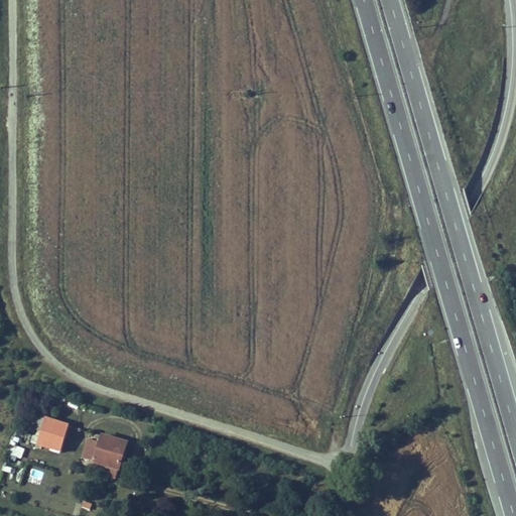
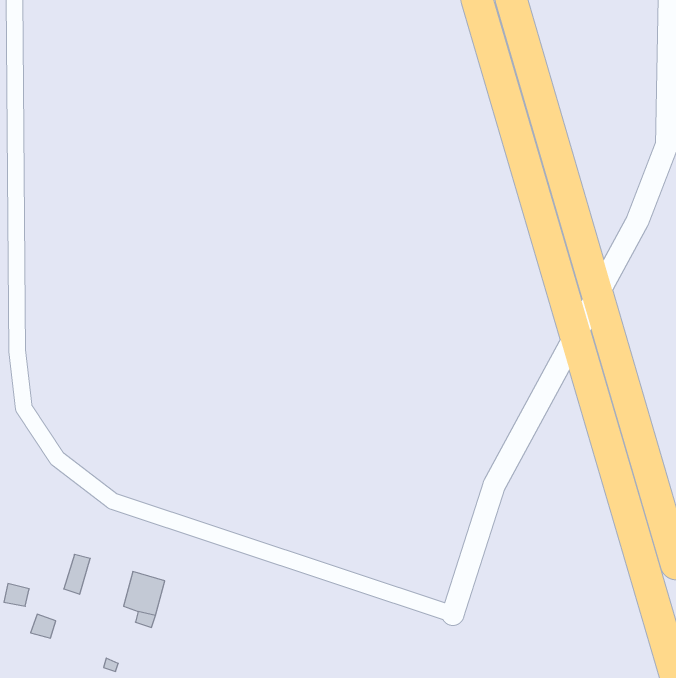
building: [35,416,56,446] -> none

